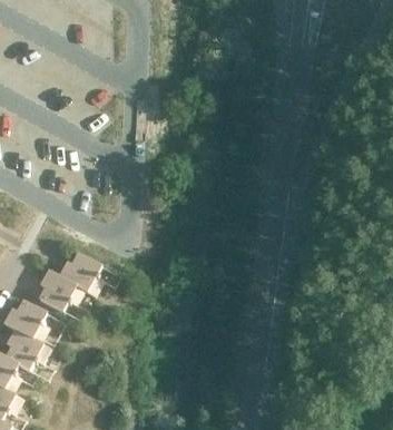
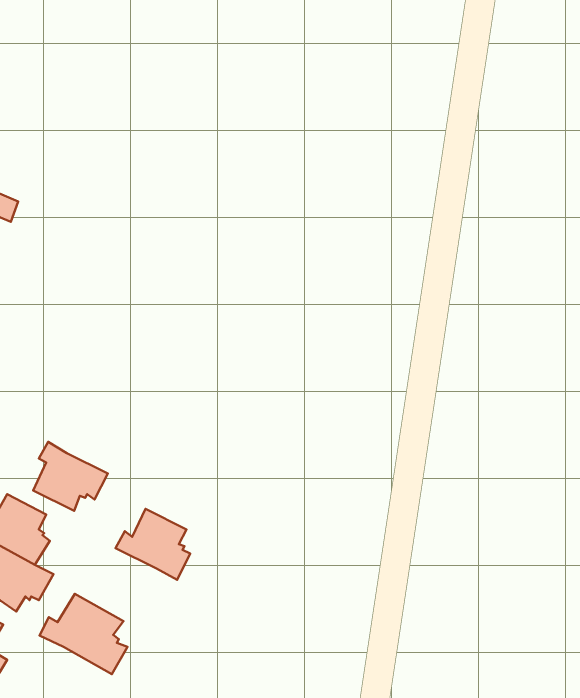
building: [56,252,100,294] -> [116,509,190,580]
building: none -> [39,594,127,674]

